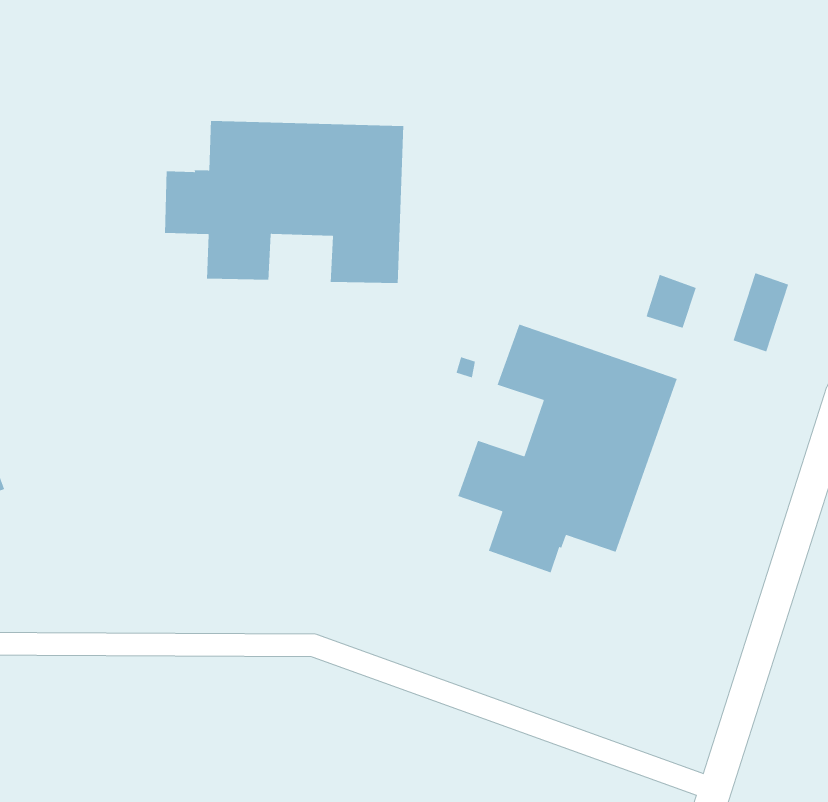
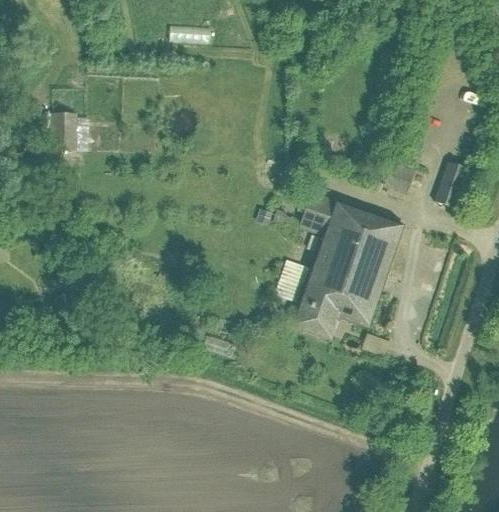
building: [164,120,404,284] -> none
building: none -> [51,113,77,152]

